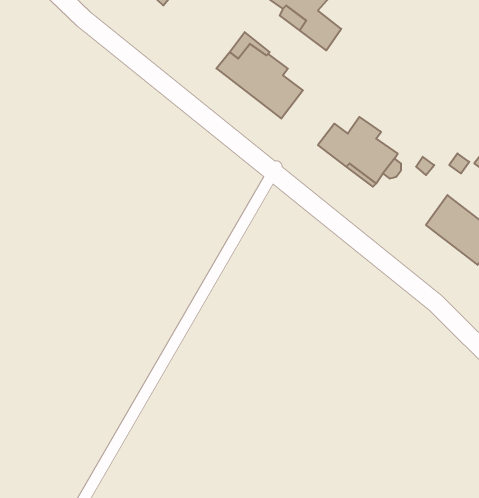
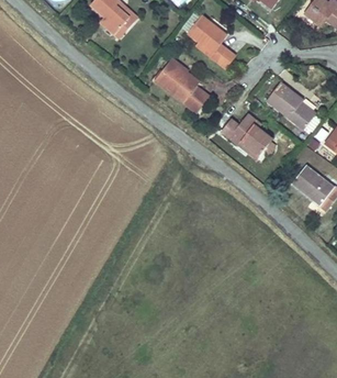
building: none -> [265,80,316,129]

